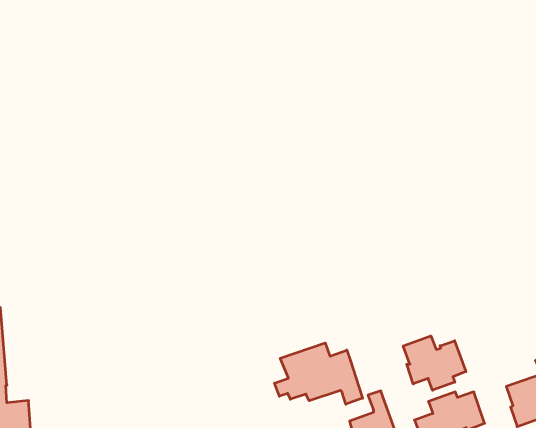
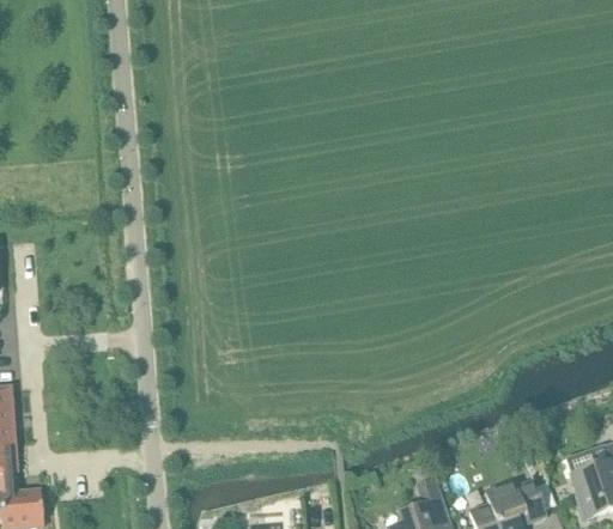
building: [403,336,466,390] -> none
building: [275,343,363,404] -> none

